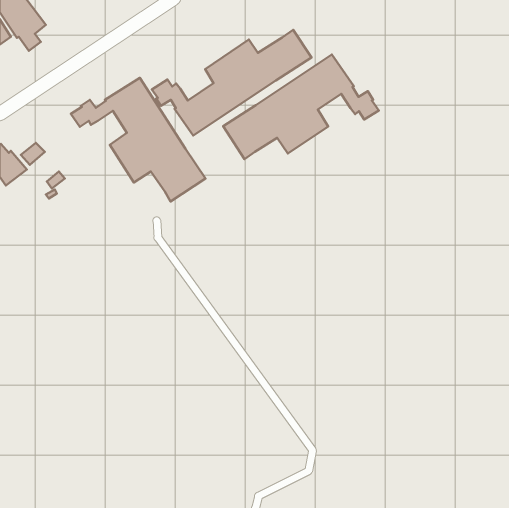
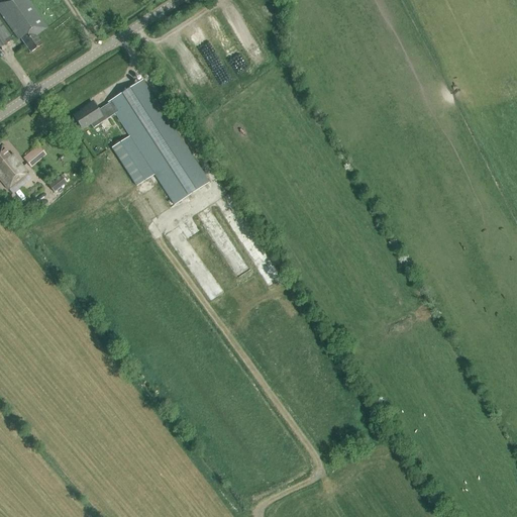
building: [152,30,312,136] -> none
building: [223,54,379,159] -> none

